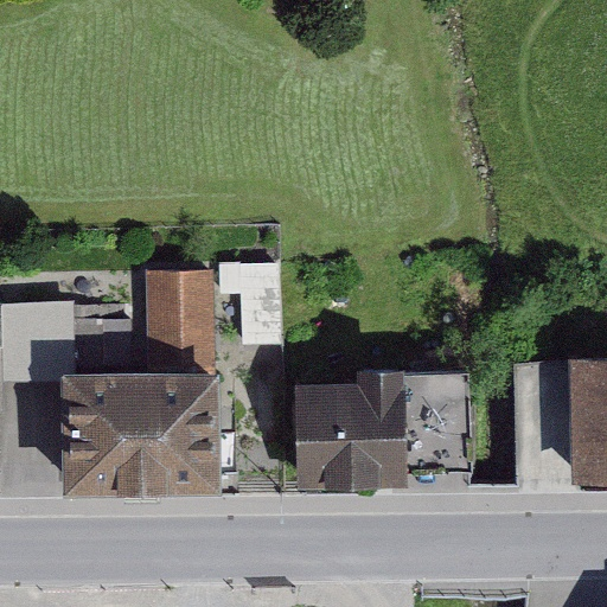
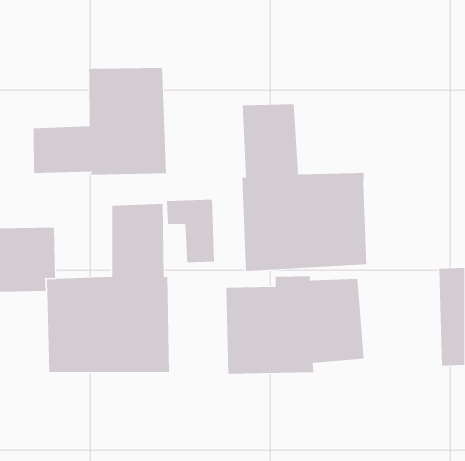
building: none -> [33,67,166,175]
building: none -> [242,104,367,272]

